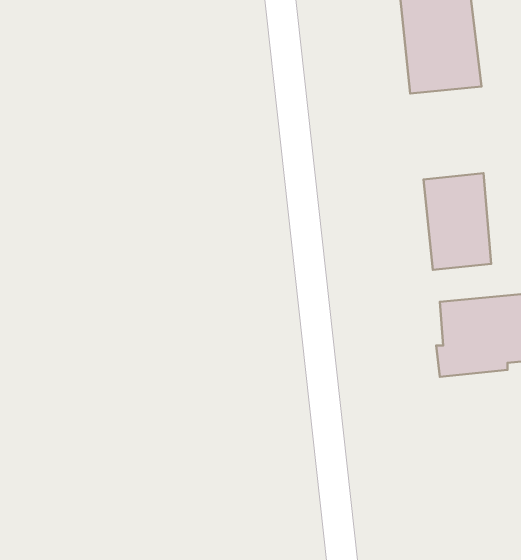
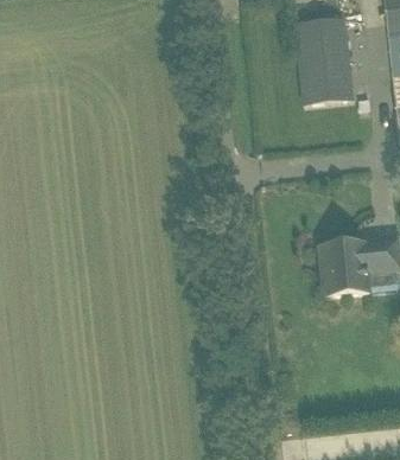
building: [424,173,491,270] -> none

